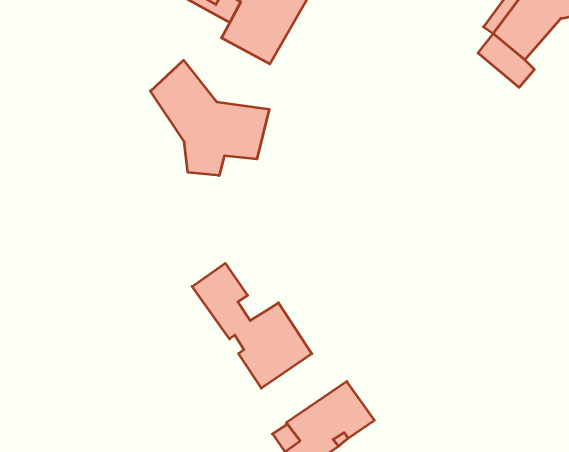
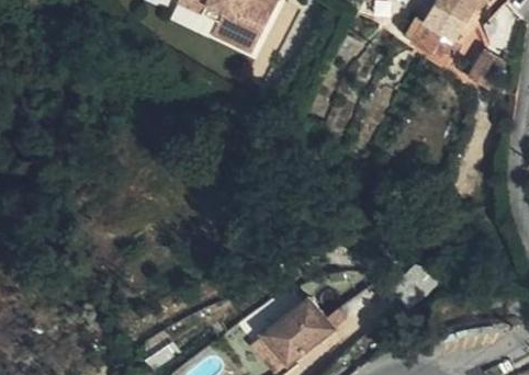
building: [150,60,269,176] -> none
building: [192,263,312,388] -> none

